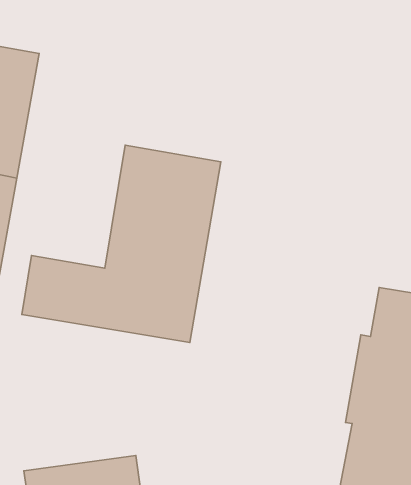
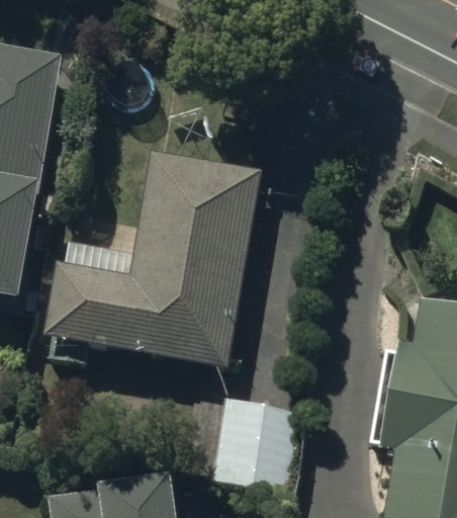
building: none -> [209,397,297,489]

